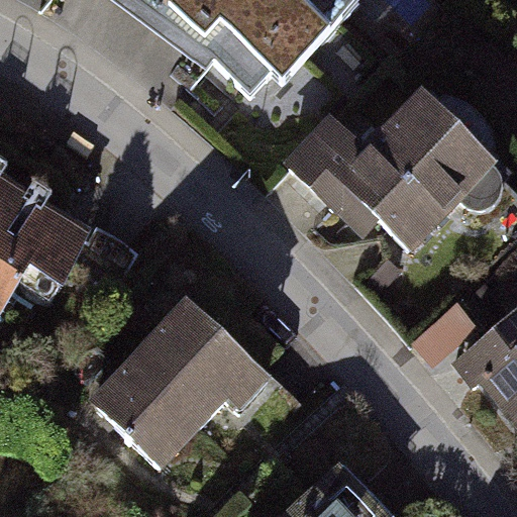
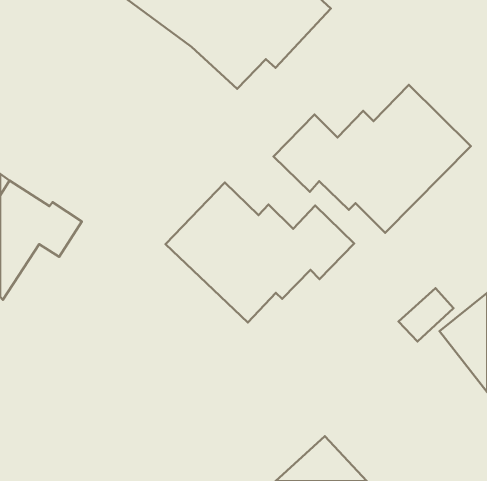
building: none -> [166,182,354,323]
building: [95,306,267,467] -> none

